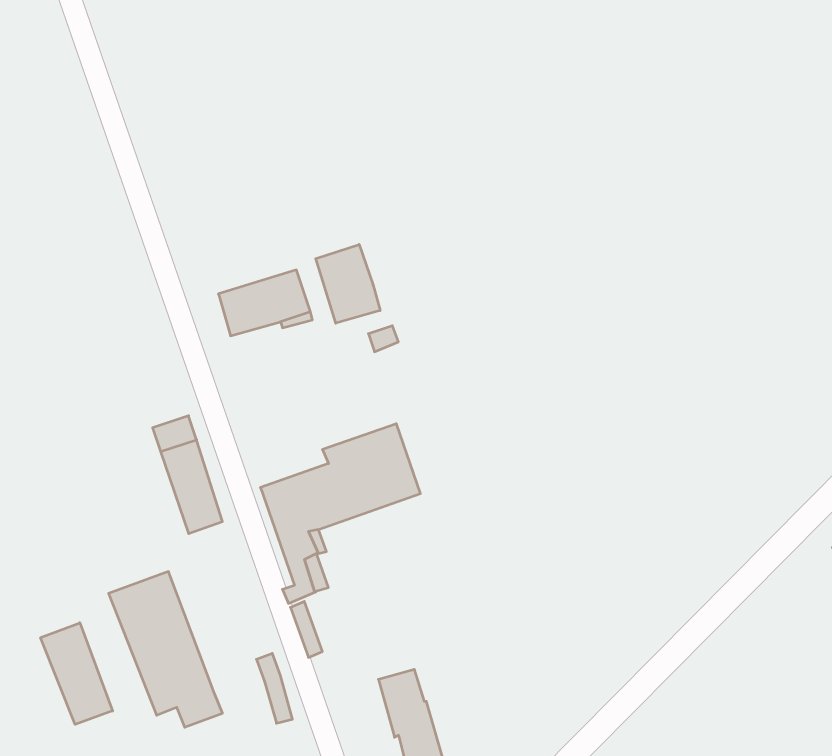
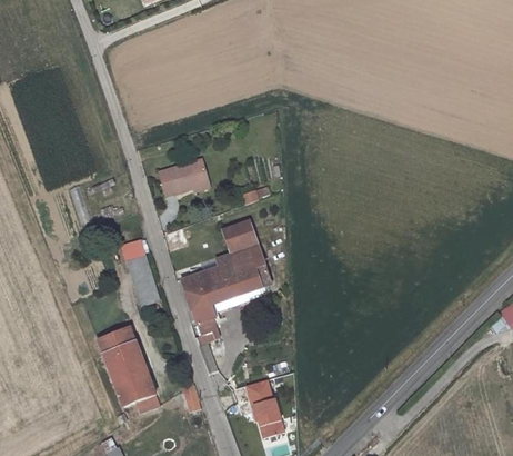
building: [316,244,380,323] -> none
building: none -> [222,220,255,251]
building: [41,623,113,724] -> none

